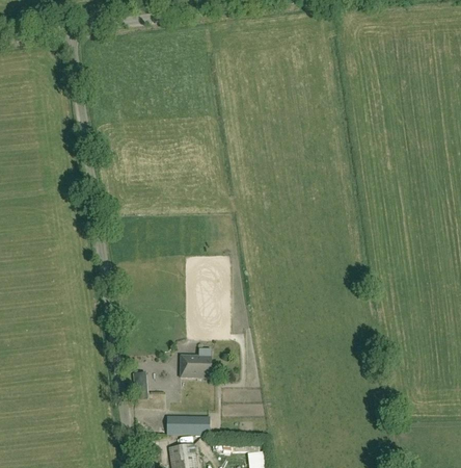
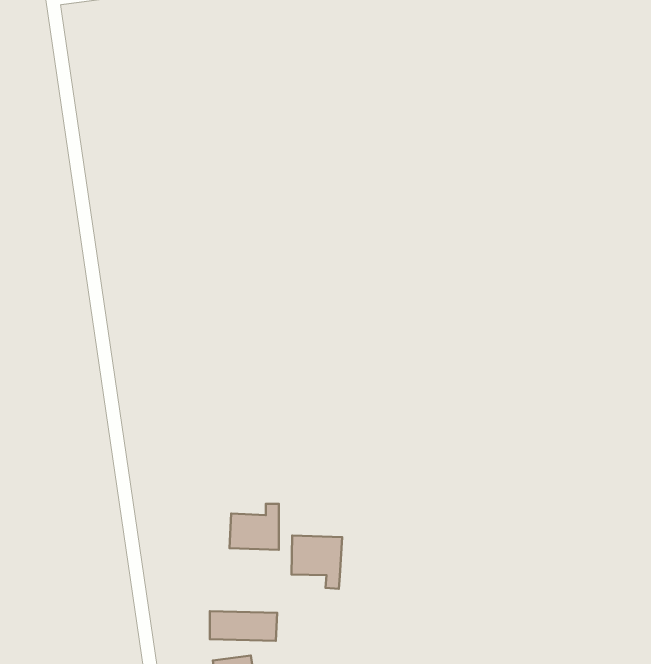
building: none -> [291,536,342,589]

